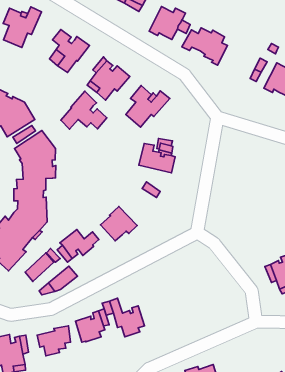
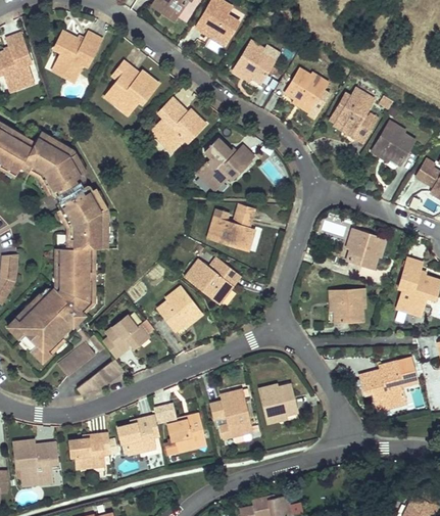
building: none -> [335,90,375,137]
building: [61,91,107,129] -> none
building: none -> [349,230,388,269]
building: none -> [188,262,233,302]
building: none -> [332,290,368,323]
building: none -> [261,382,298,421]
building: none -> [211,388,252,436]

